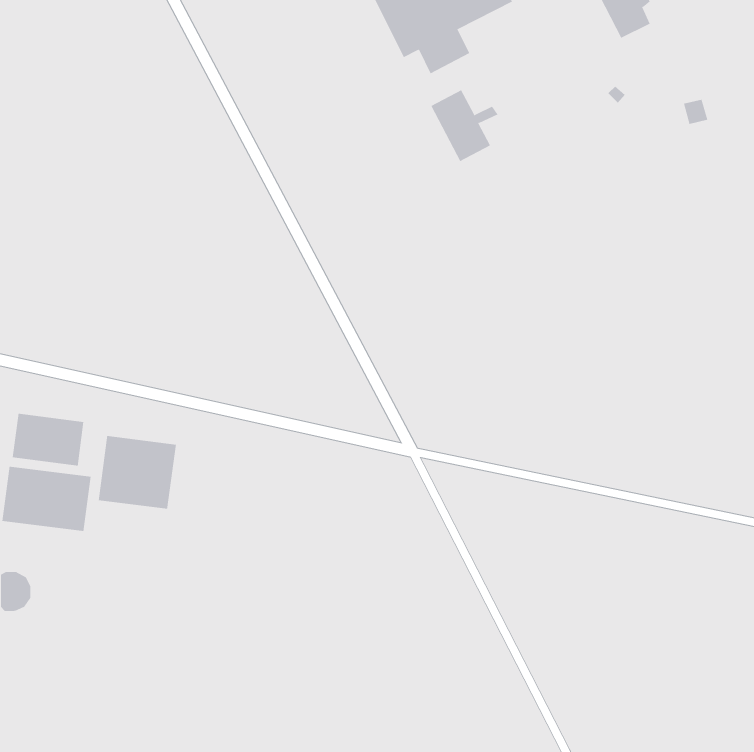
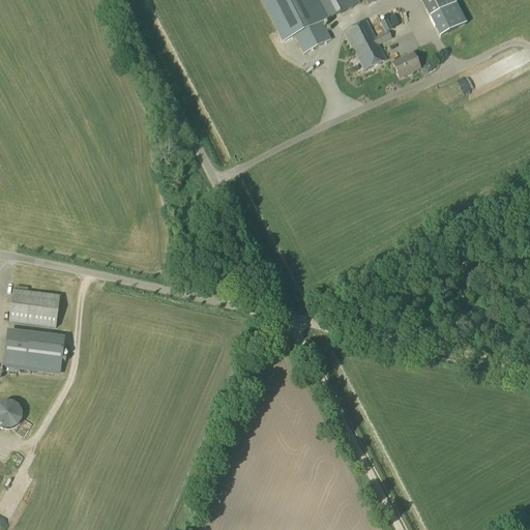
building: none -> [392,52,420,77]
building: [430,89,498,162] -> [345,19,392,69]
building: [98,435,176,510] -> none

